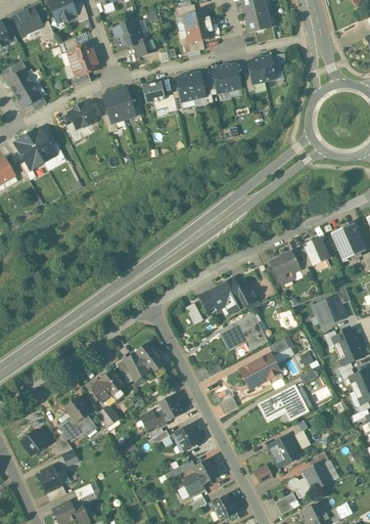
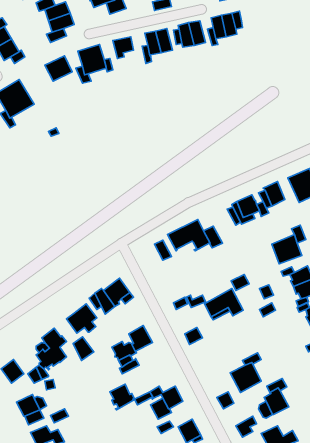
building: [220,315,267,347] -> none
building: [258,385,308,421] -> none
building: [174,424,200,451] -> [110,384,135,410]

